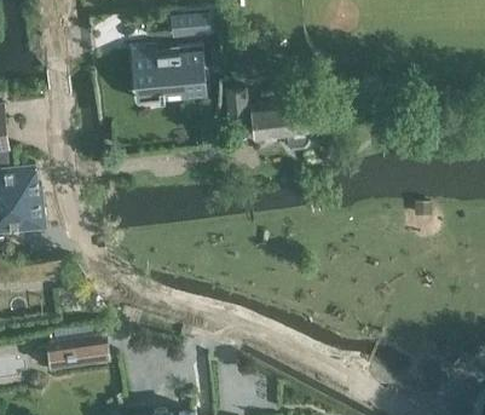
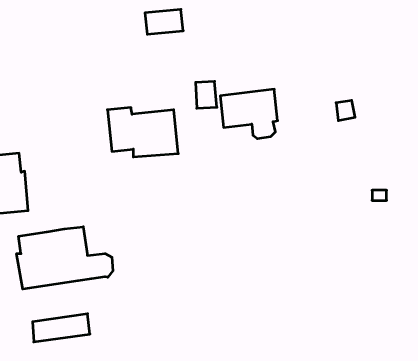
building: [129,47,206,100] -> [107,108,178,157]
building: none -> [17,227,113,289]

